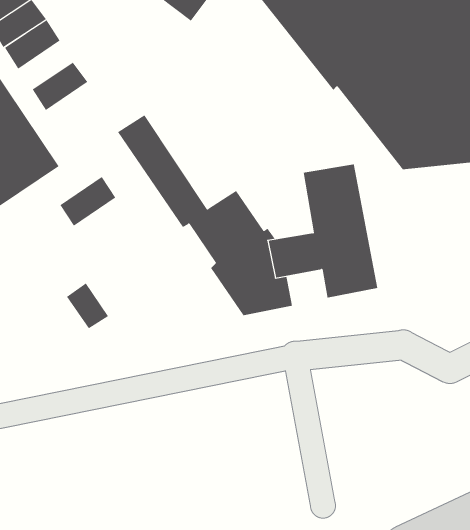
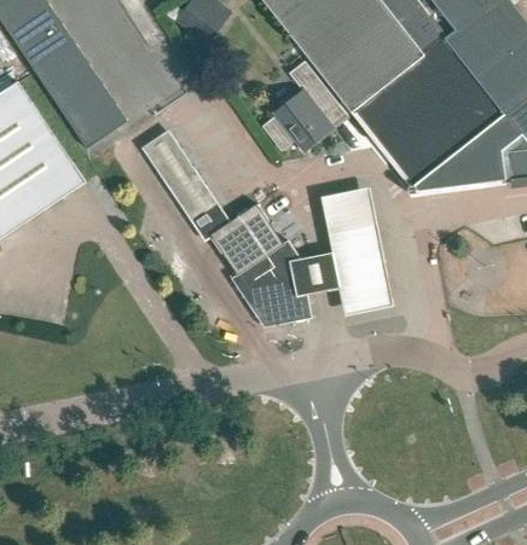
building: none -> [46,62,100,109]
building: none -> [272,63,337,153]
building: [60,176,116,226] -> [73,102,127,150]
building: [66,283,109,329] -> none

